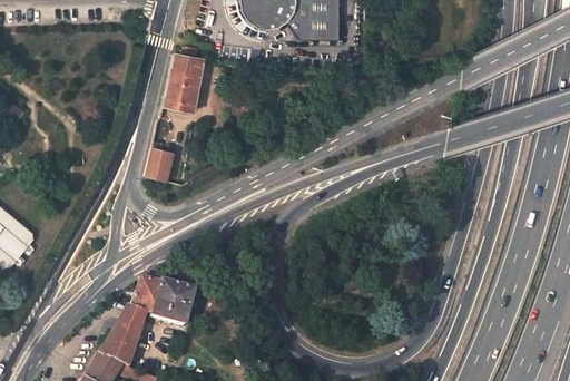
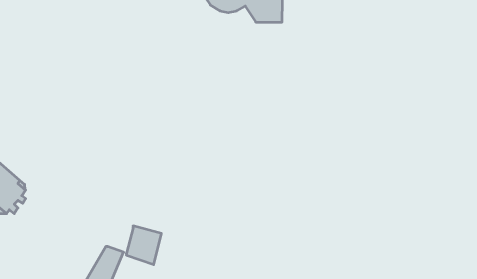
building: [163,56,203,111] -> none
building: [145,148,173,182] -> none
building: [130,279,160,313] -> none

